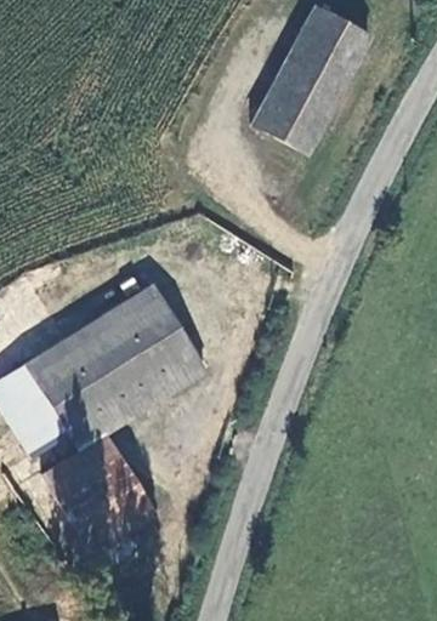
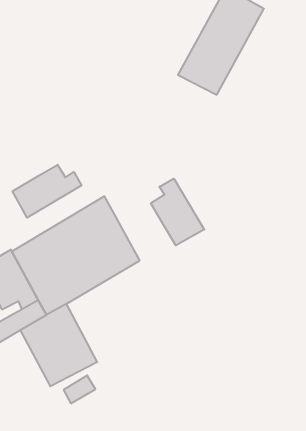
building: none -> [13,165,81,218]
building: none -> [151,179,204,245]

